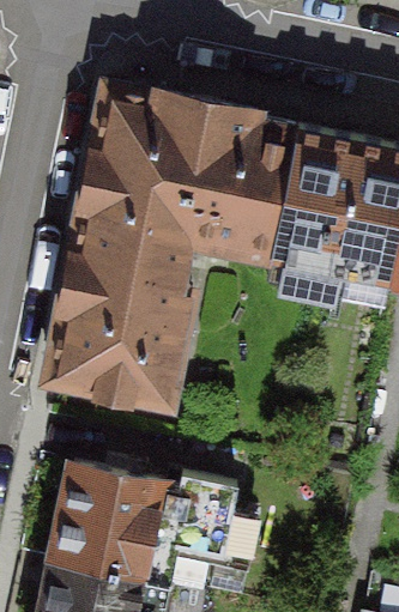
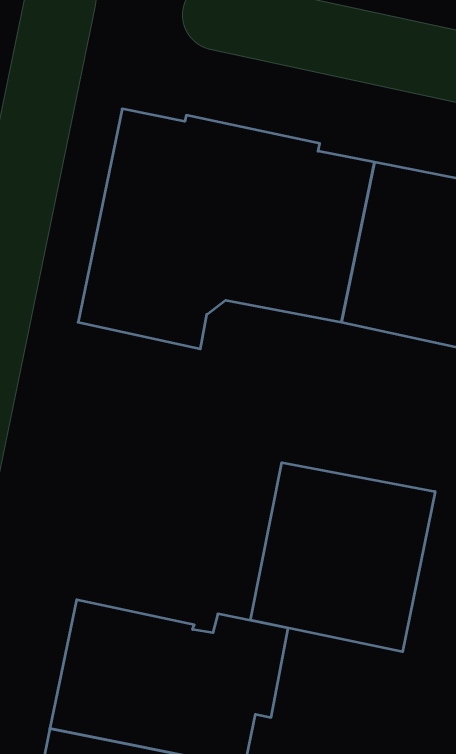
building: [52,254,194,404] -> none
building: none -> [251,463,435,652]

